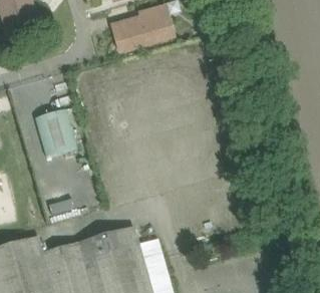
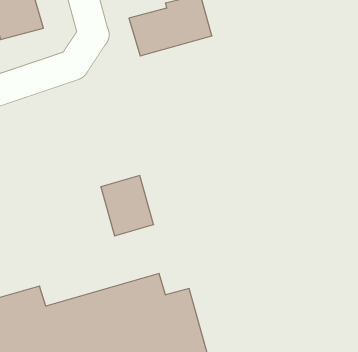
building: [35,108,77,157] -> [101,176,154,236]

